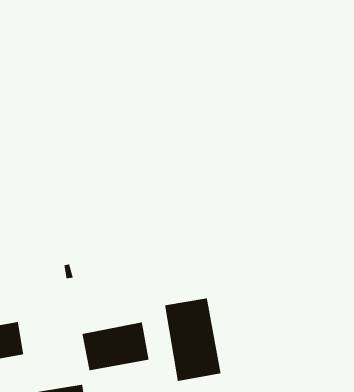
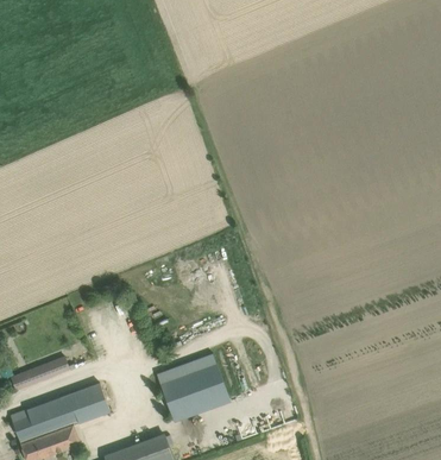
building: [164,297,222,382] -> none

